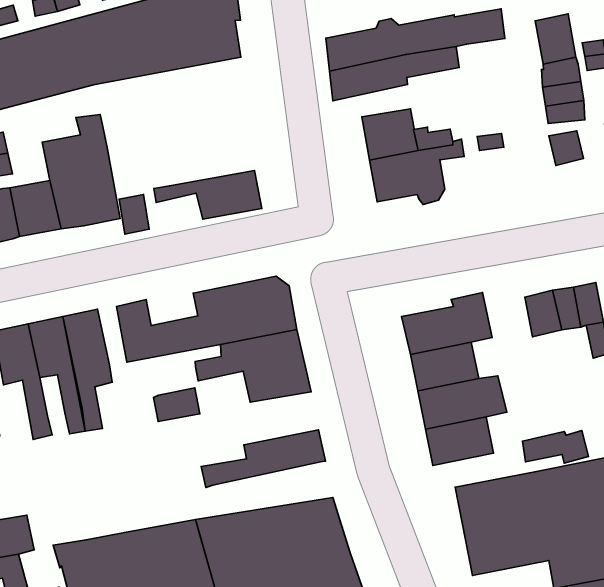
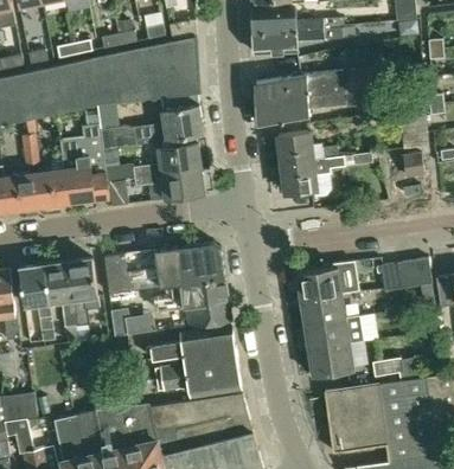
building: none -> [101,104,204,149]
building: none -> [107,143,202,181]
building: none -> [149,326,234,358]
building: none -> [156,368,239,396]

